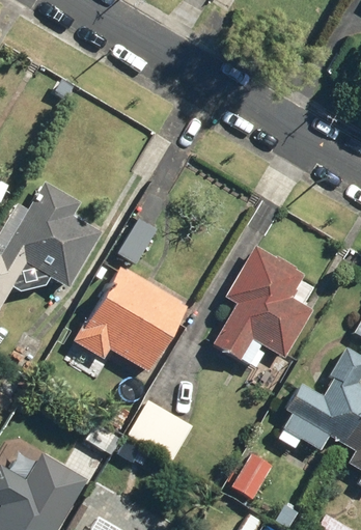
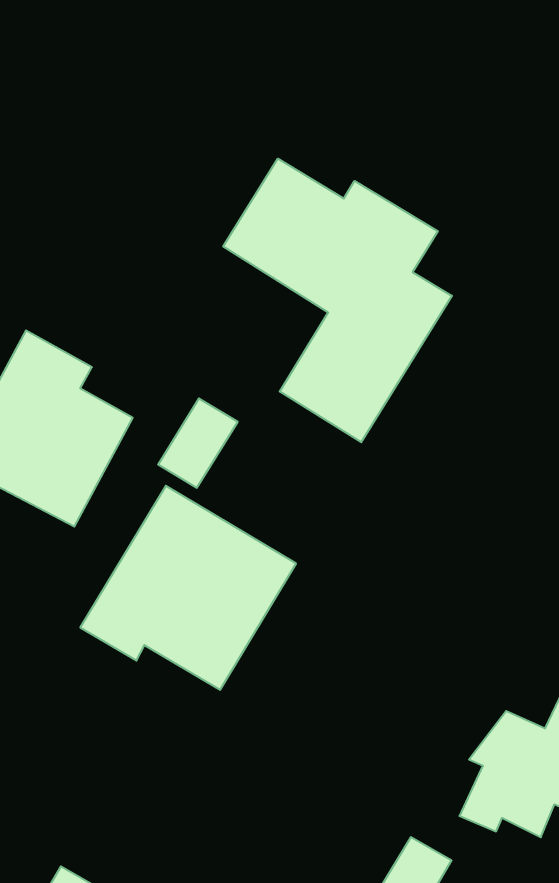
building: none -> [223,159,452,442]
building: [212,245,313,360] -> none

